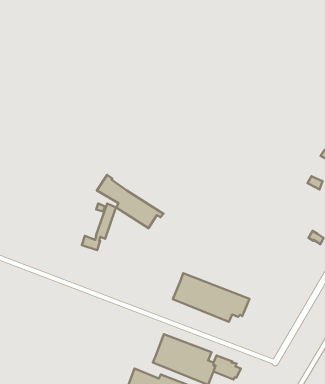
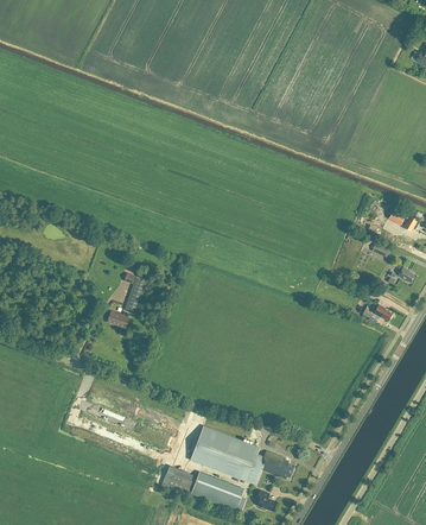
building: [97,175,163,228] -> none
building: [173,273,249,322] -> none

